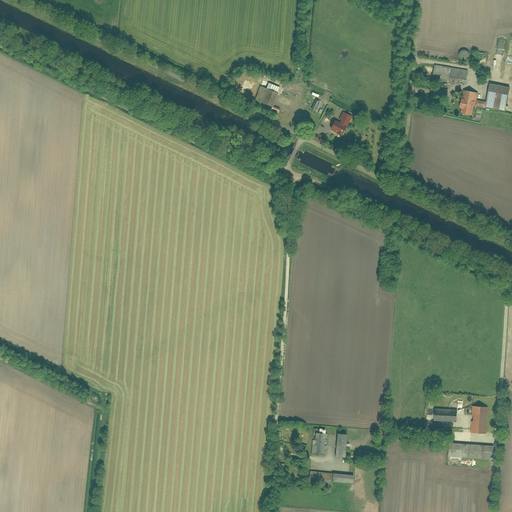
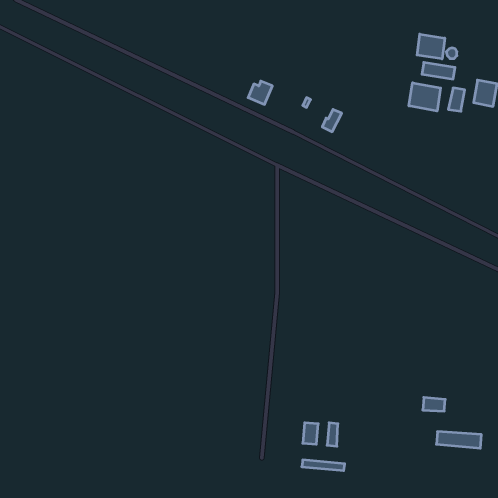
building: none -> [417,34,445,59]
building: none -> [409,83,441,111]
building: [470,405,487,433] -> none

